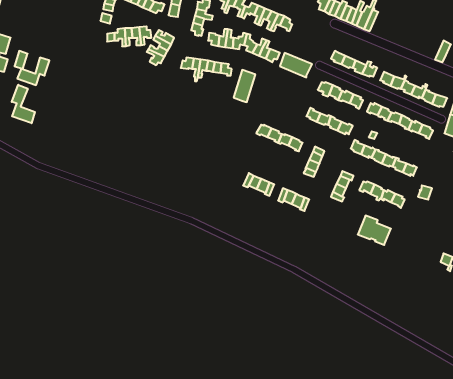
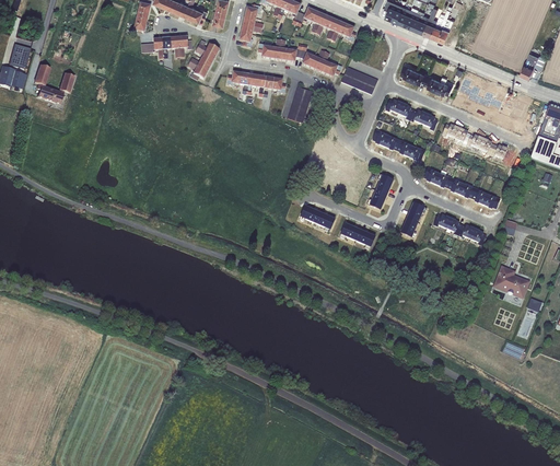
building: [12,85,35,123] -> none
building: [358,216,391,245] -> [492,265,530,299]

